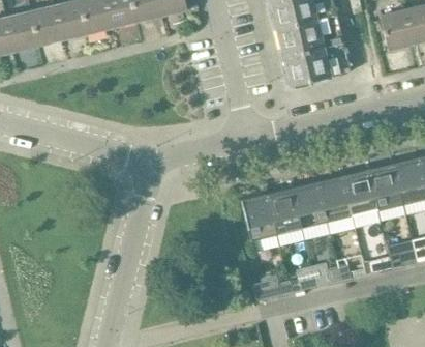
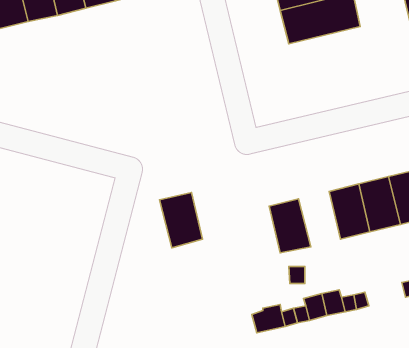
building: [282,44,350,86] -> none
building: [291,182,326,229] -> none
building: [239,195,275,241] -> [160,193,203,248]

